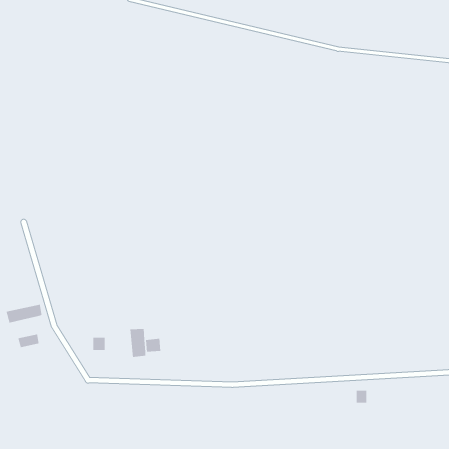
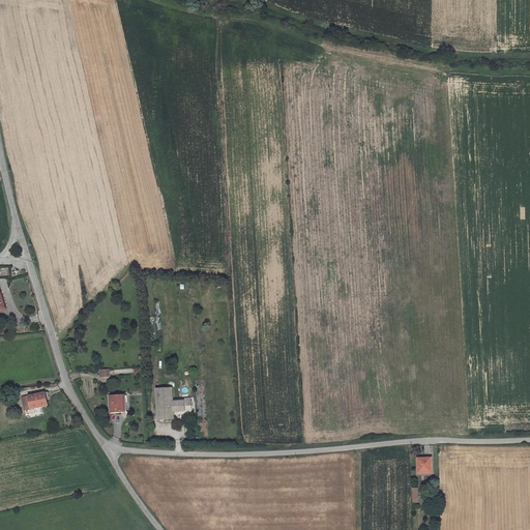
building: [6,304,42,323] -> none

